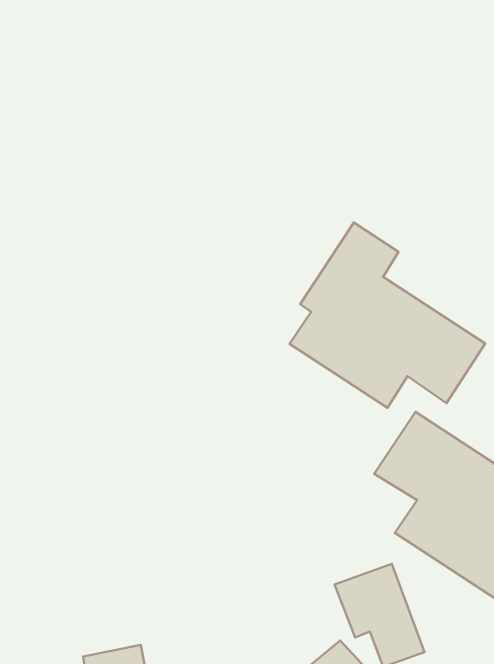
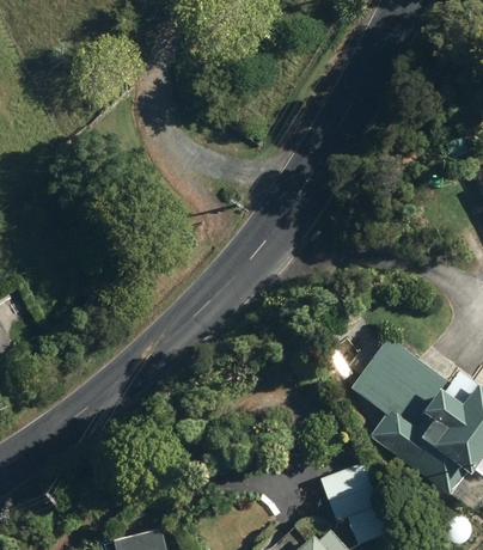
building: [290,223,485,408] -> none

